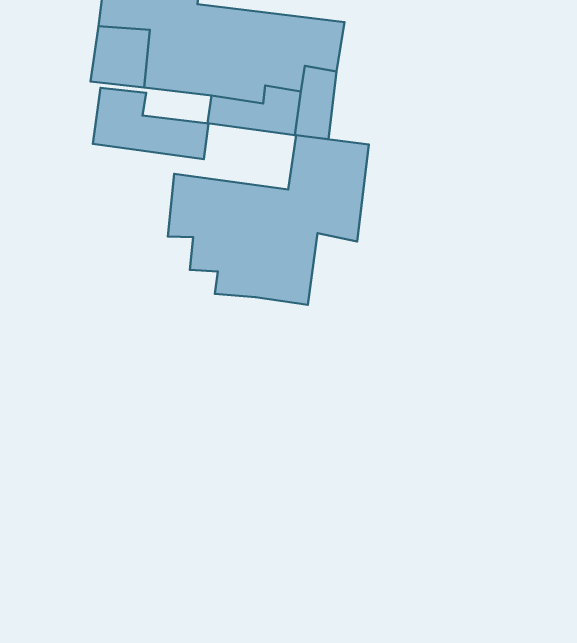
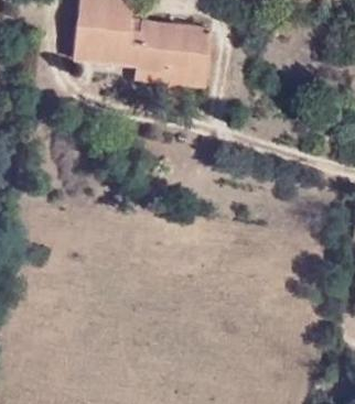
building: [93,88,209,159] -> none
building: [168,135,369,305] -> none

